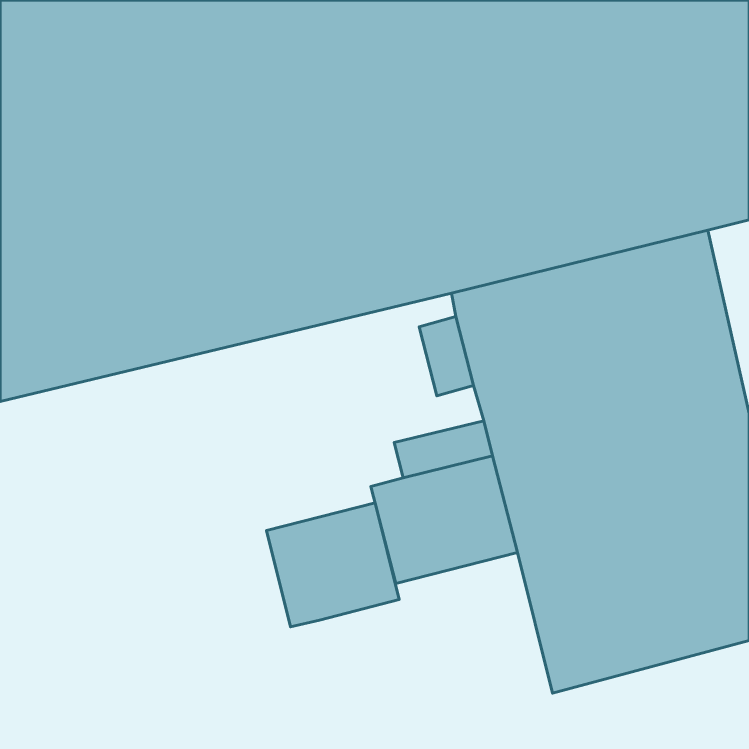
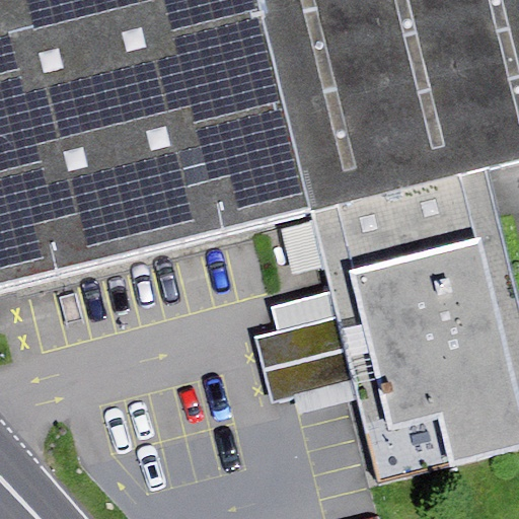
building: [266,503,399,627] -> none

